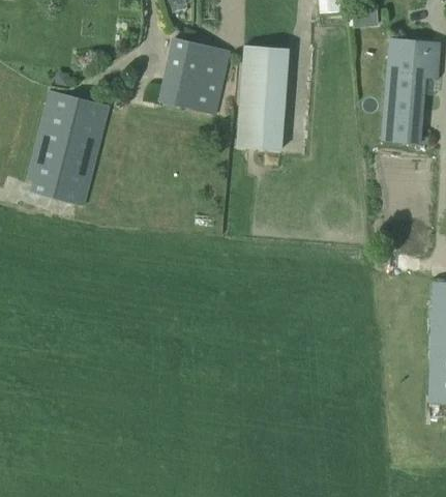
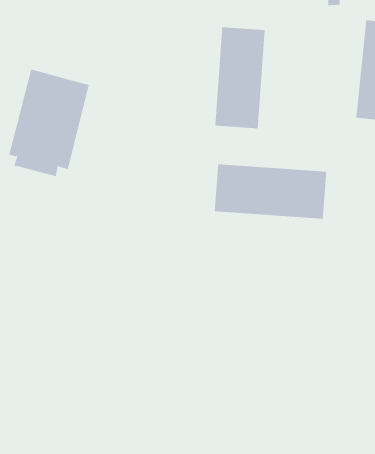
building: [159,38,230,115] -> none
building: none -> [214,163,327,220]

